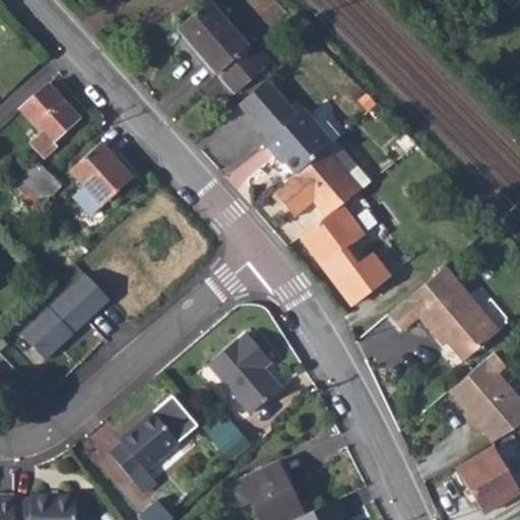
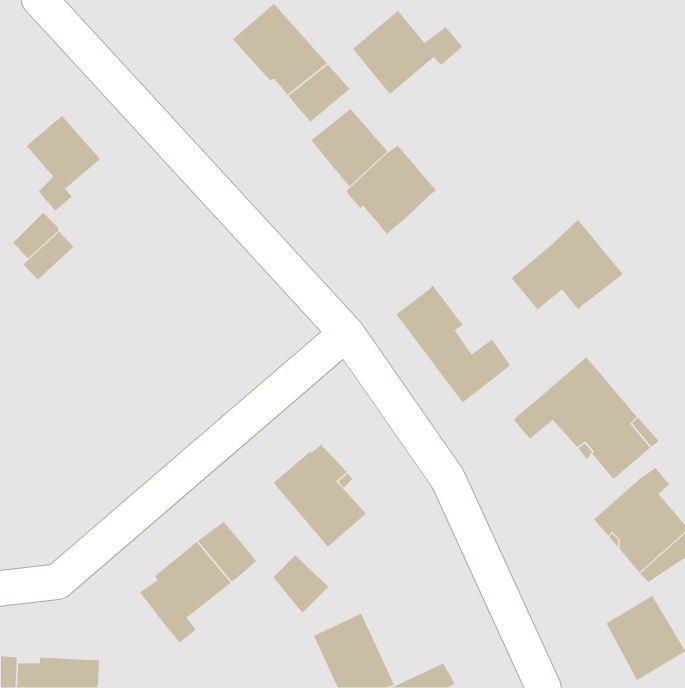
building: none -> [352,10,463,95]
building: [71,143,135,214] -> none
building: [275,148,361,217] -> [511,219,624,311]
building: [23,272,113,359] -> none

